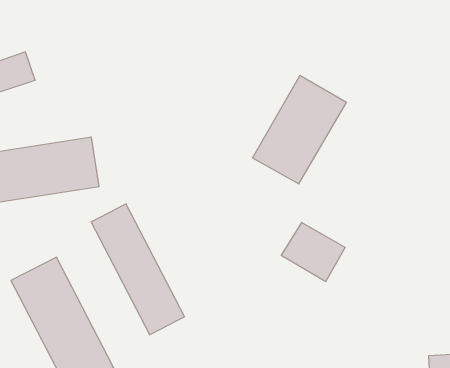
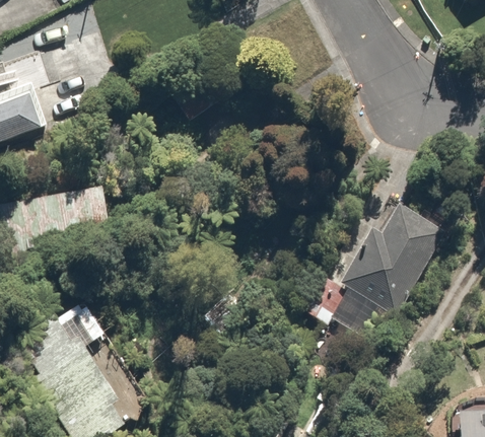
building: [252,75,346,184] -> [347,194,445,307]
building: [91,204,184,335] -> none

